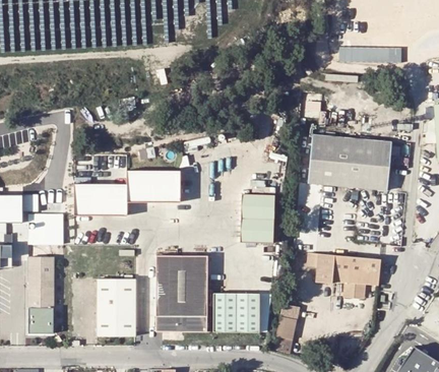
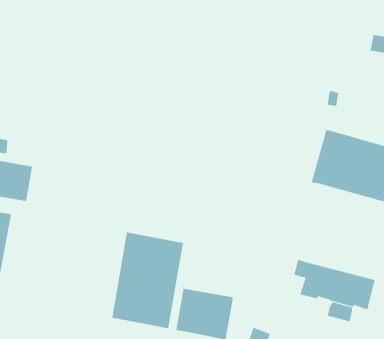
building: [74,170,179,214] -> none
building: [241,194,273,244] -> none
building: [96,278,134,336] -> none

